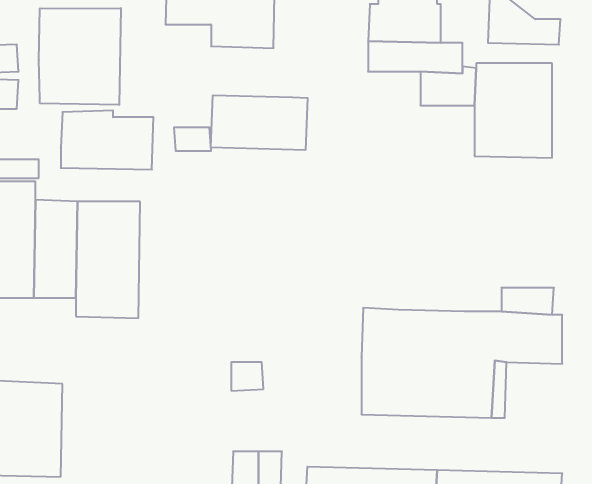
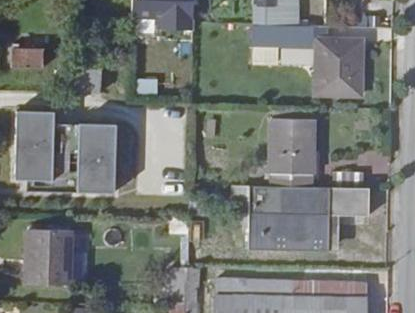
building: [39,8,121,105] -> none
building: [211,95,308,150] -> none
building: none -> [270,119,311,188]

